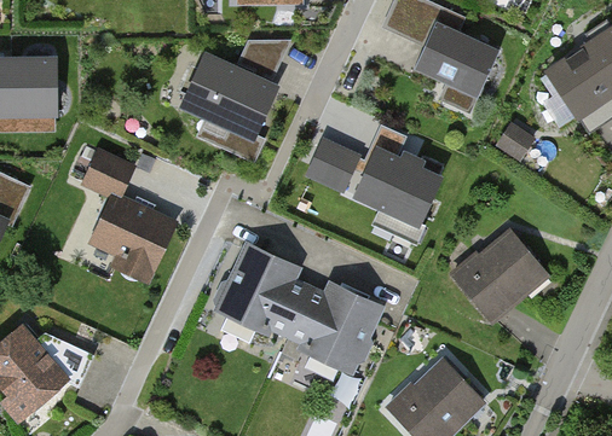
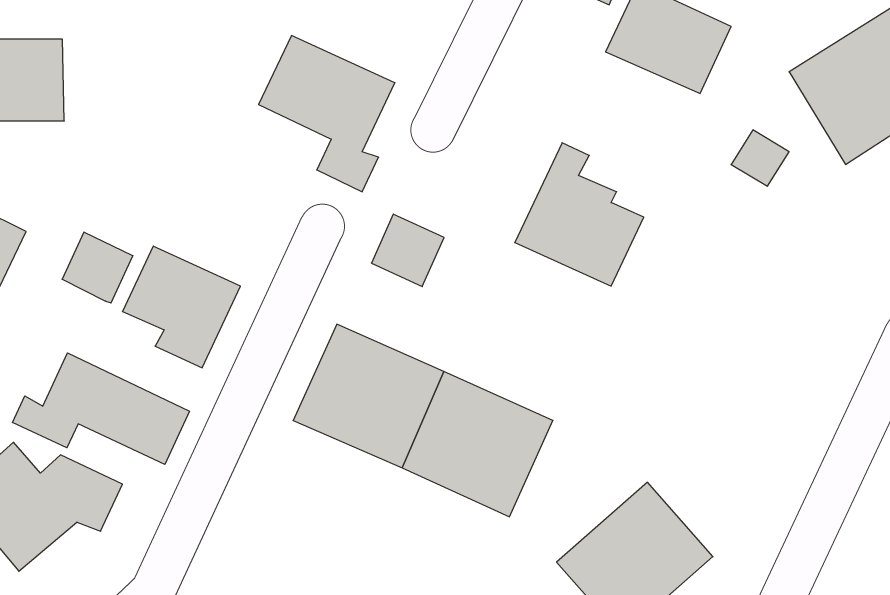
building: [236,41,289,79] -> none
building: [310,139,358,187] -> [371,214,444,287]
building: [86,150,133,197] -> [62,232,133,303]
building: [454,232,549,324] -> none
building: none -> [13,353,190,464]

